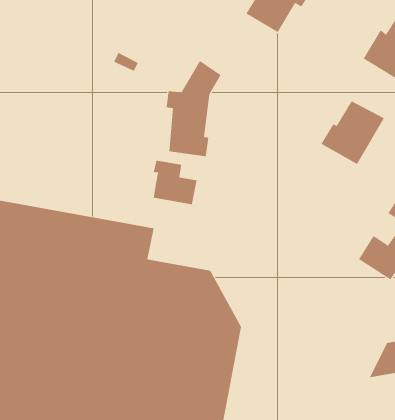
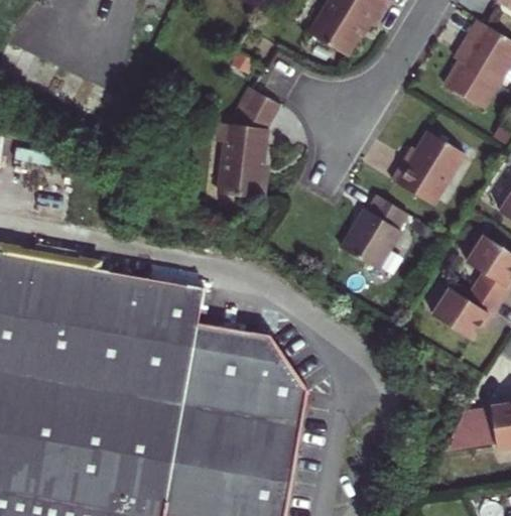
building: none -> [346,201,411,273]
building: [153,160,197,205] -> none

